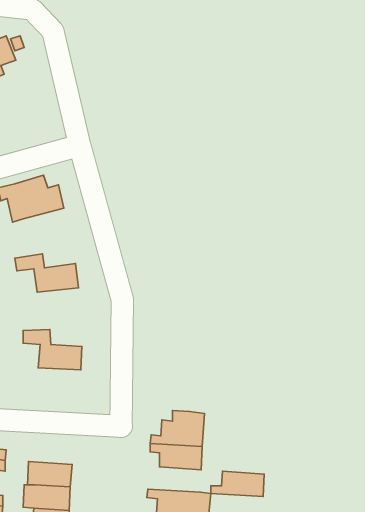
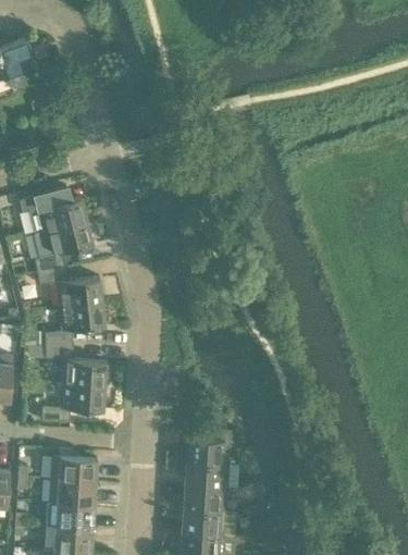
building: none -> [34,221,92,272]
building: none -> [44,303,104,346]
building: none -> [41,384,103,422]
building: none -> [50,456,96,483]
building: [211,471,264,497] -> [172,485,226,511]

